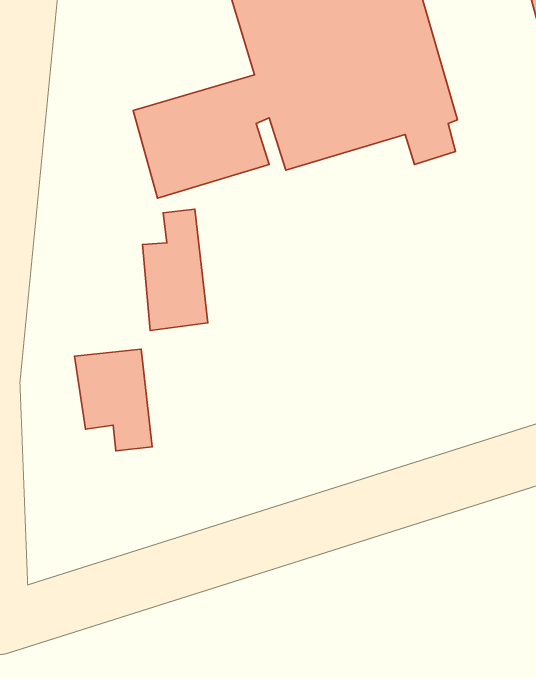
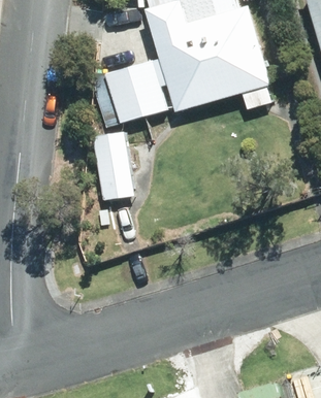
building: [74,349,152,451] -> none

